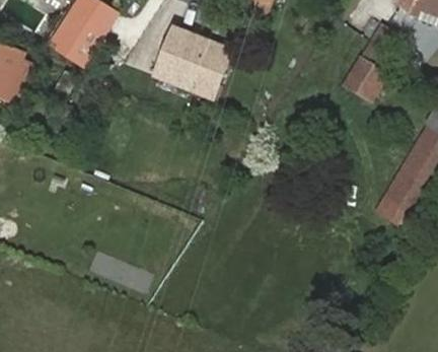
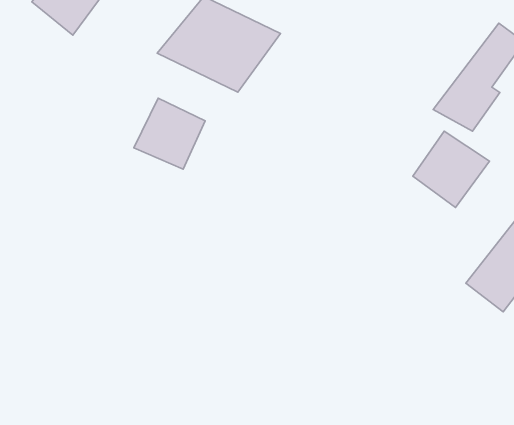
building: none -> [134,98,205,169]
building: none -> [413,131,490,207]

